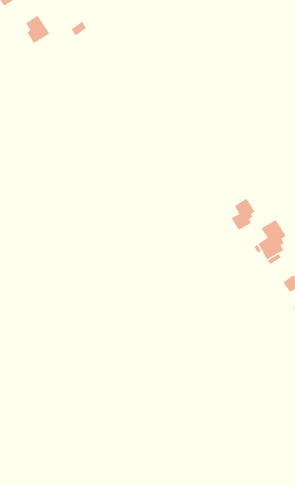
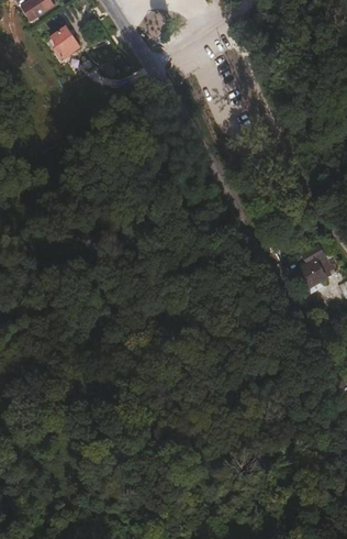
building: [231,198,255,231] -> none

